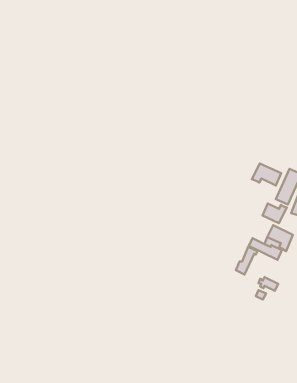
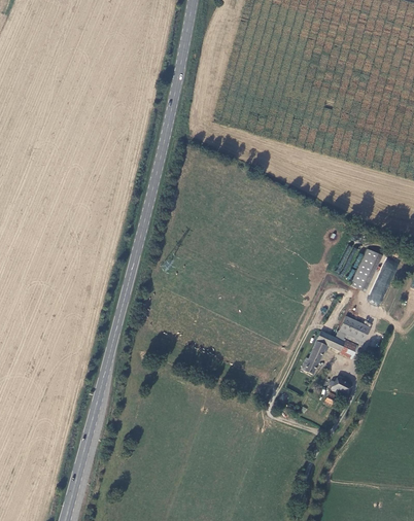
building: [252,164,281,186] -> none
building: [262,203,287,223] -> none

